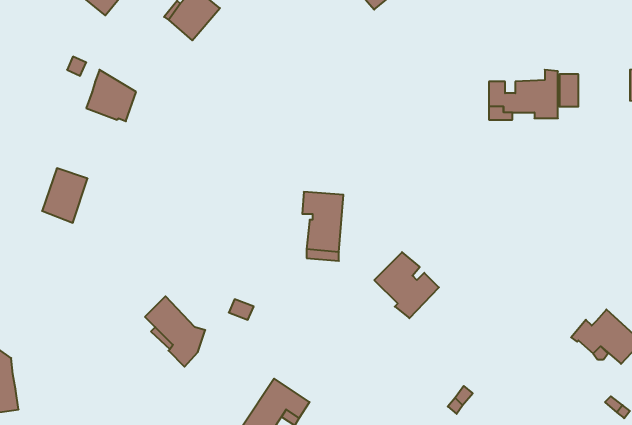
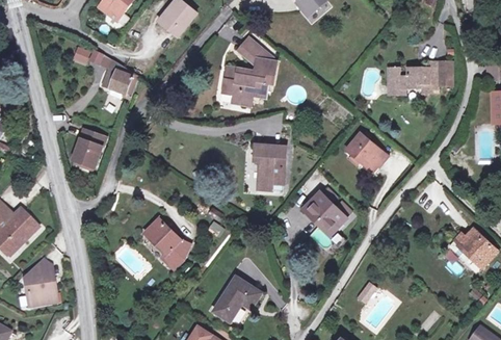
building: none -> [223,40,274,107]
building: none -> [347,133,389,172]

